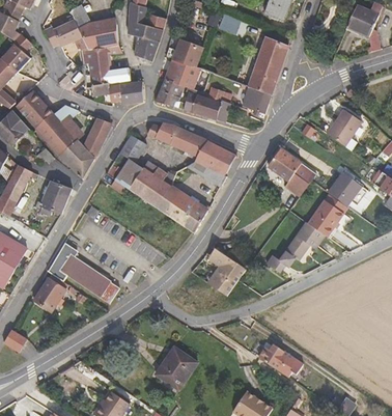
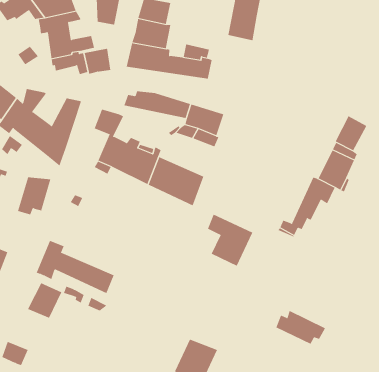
building: [239,83,270,114] -> none
building: [325,107,364,145] -> none
building: [269,147,315,194] -> none

